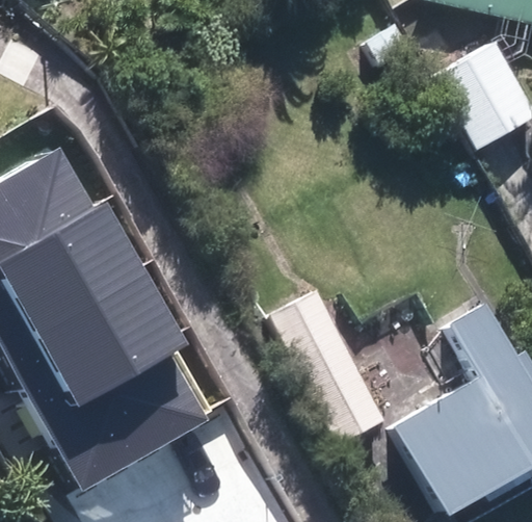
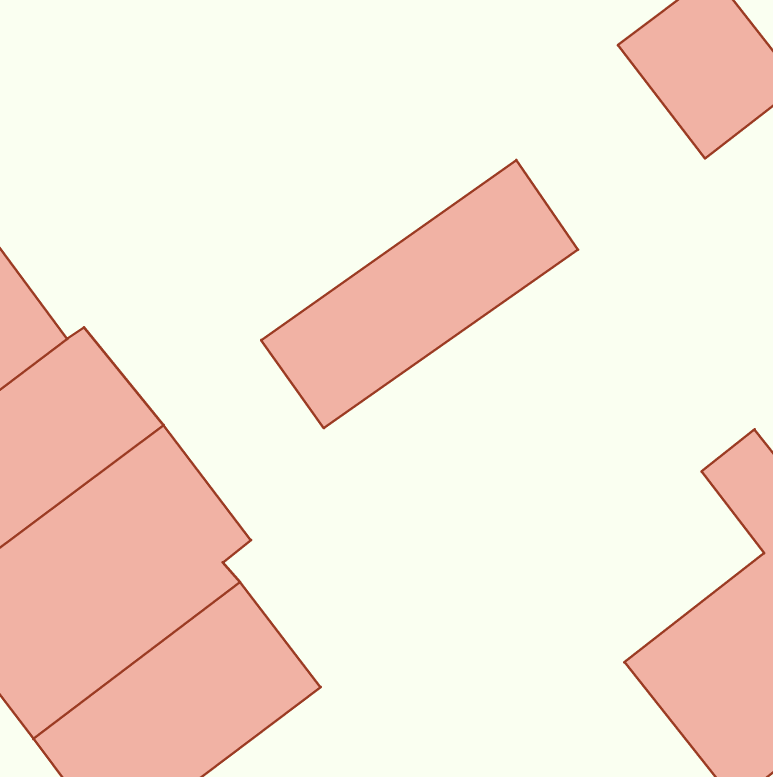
building: none -> [261,160,578,428]
building: [265,291,382,447] -> none

